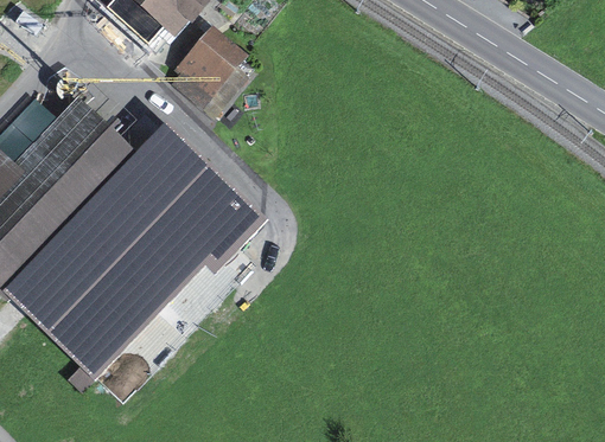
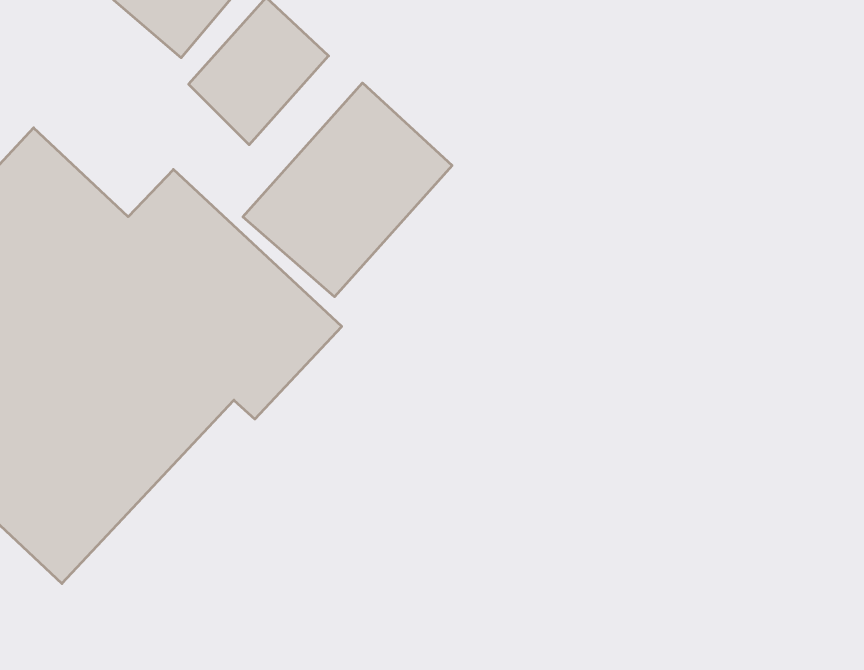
building: none -> [243,83,452,297]

